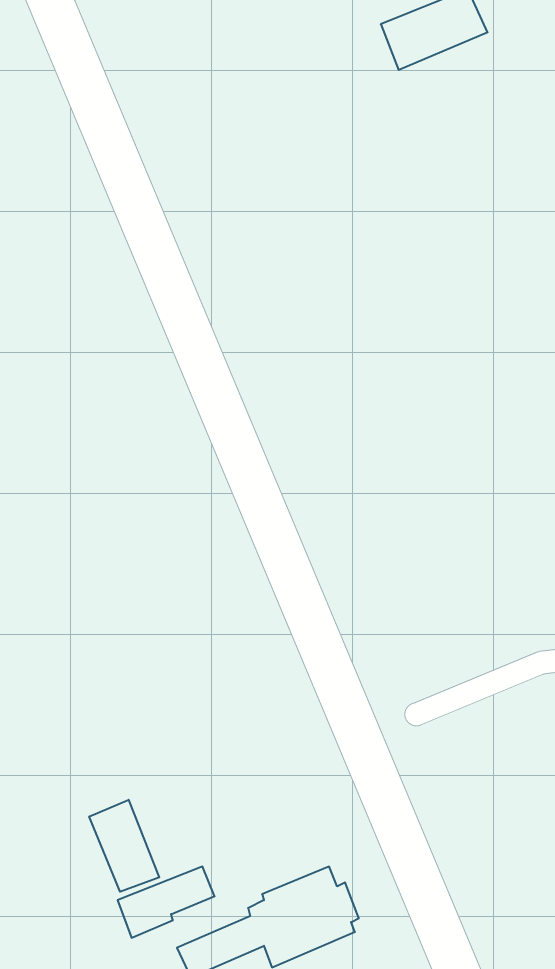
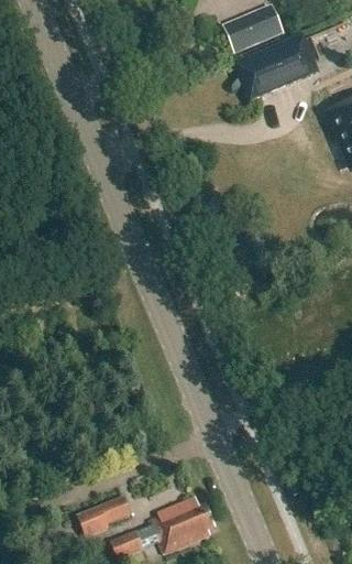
building: none -> [240,42,307,95]
building: [89,800,159,892] -> none

